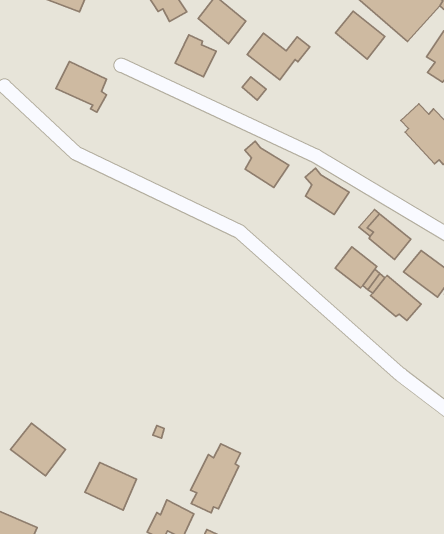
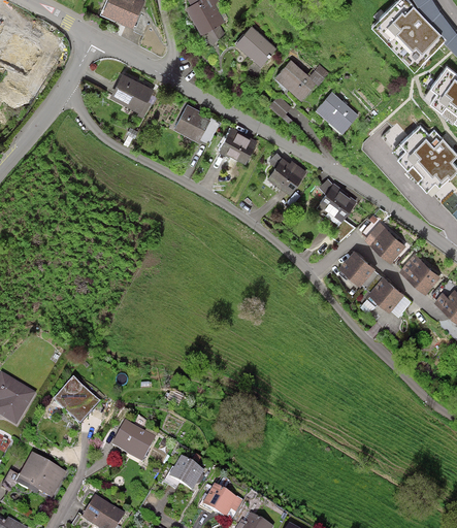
building: [335,11,385,59] -> [316,91,358,133]
building: [175,35,216,77] -> [174,103,210,140]
building: none -> [219,127,257,163]
building: [191,444,241,513] -> none

